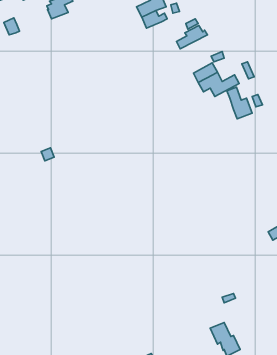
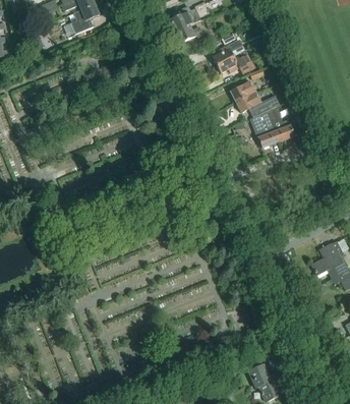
building: none -> [216,50,253,73]
building: none -> [250,111,278,148]

